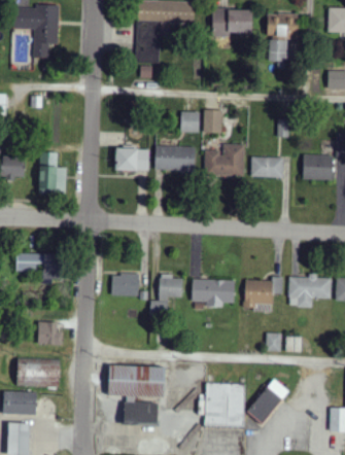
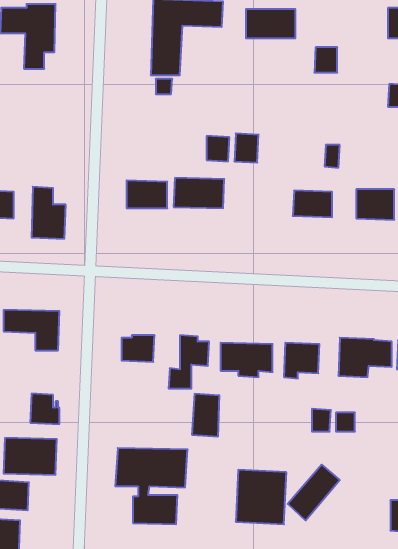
building: [267,14,299,38] -> none
building: [203,145,244,176] -> none
building: none -> [192,394,219,437]

